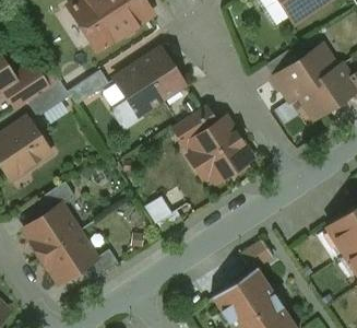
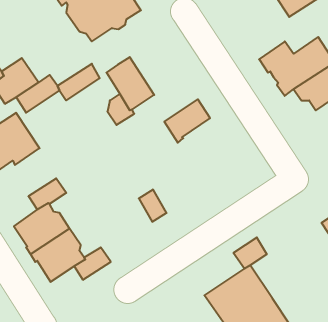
building: [139,49,186,101] -> none
building: [190,124,251,181] -> none

